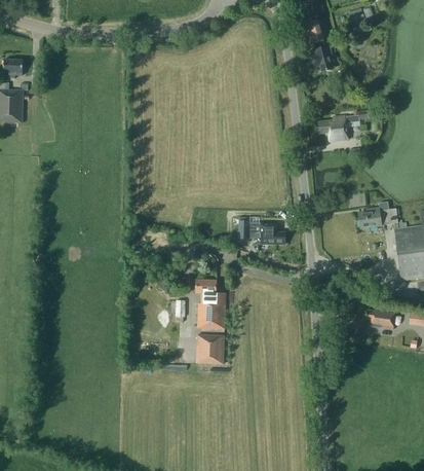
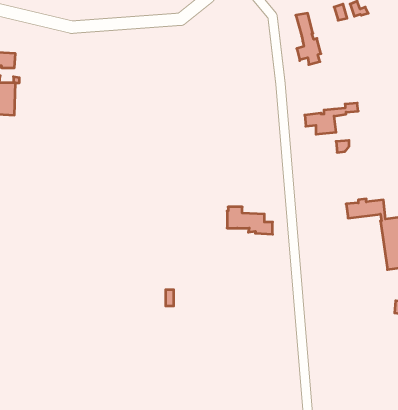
building: [195,280,225,329] -> none
building: [365,309,395,329] -> none
building: [196,334,224,363] -> none

